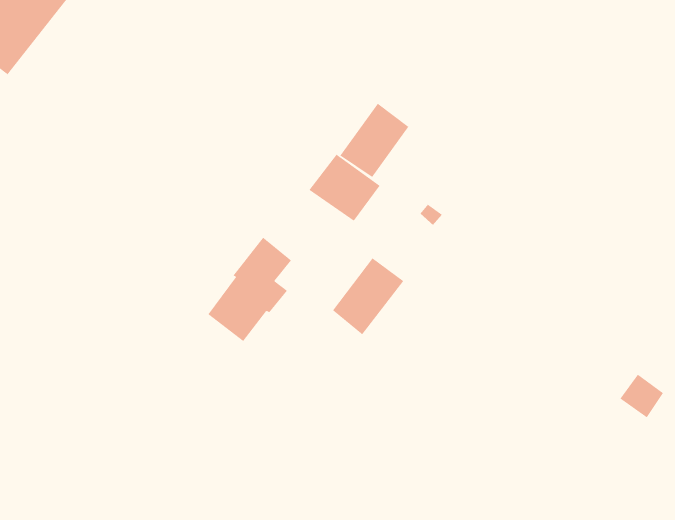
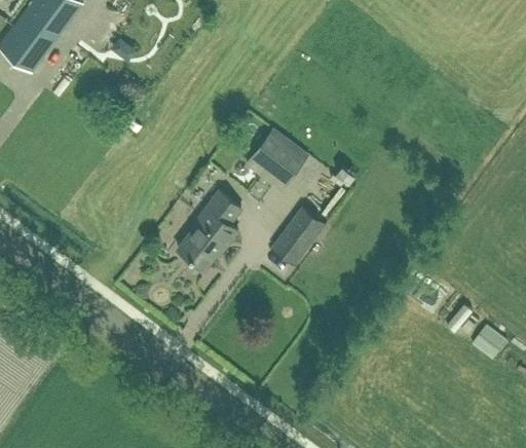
building: [340,103,409,178] -> none
building: [619,374,664,418] -> [473,326,505,359]

